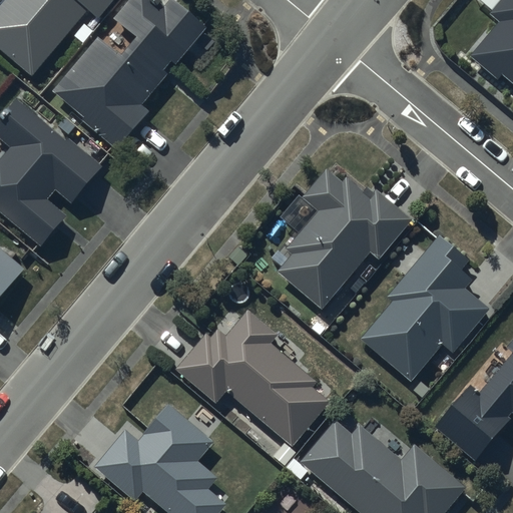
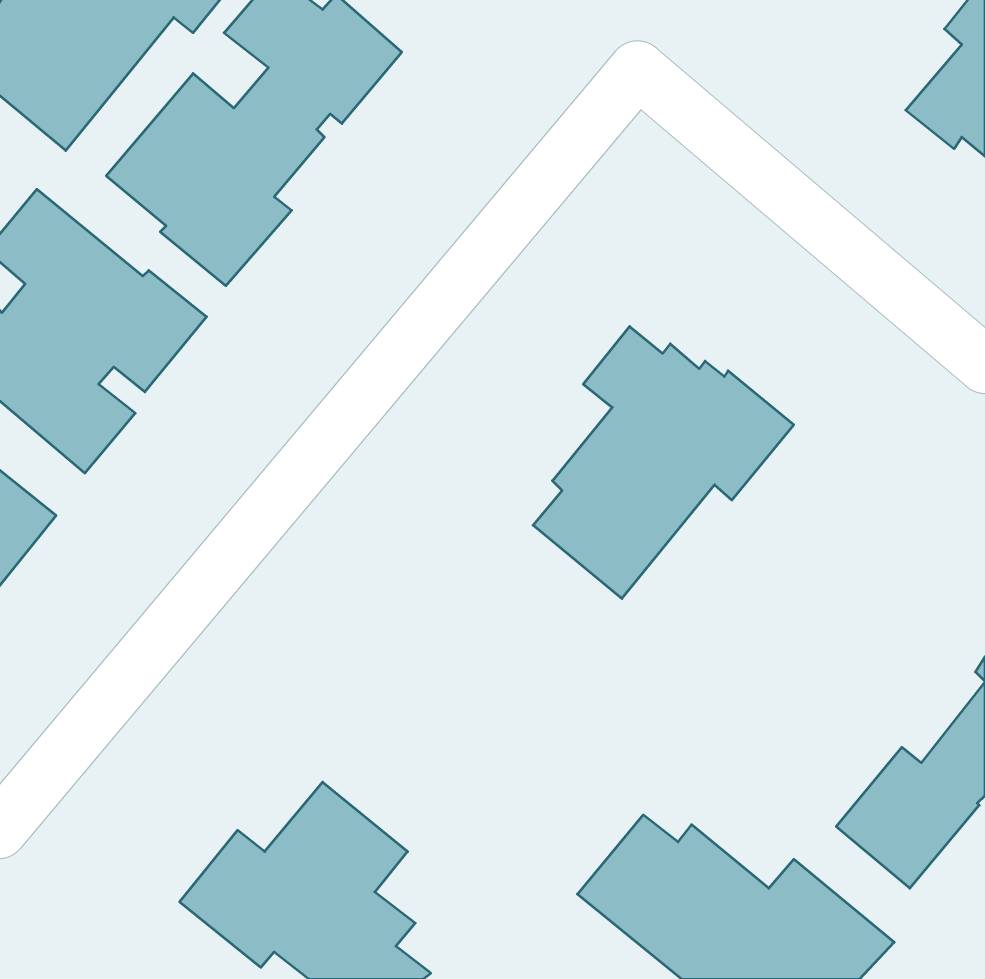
building: [361,235,488,381] -> none
building: [175,311,328,445] -> none

